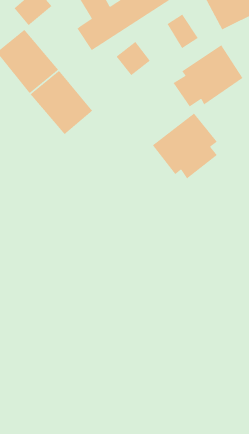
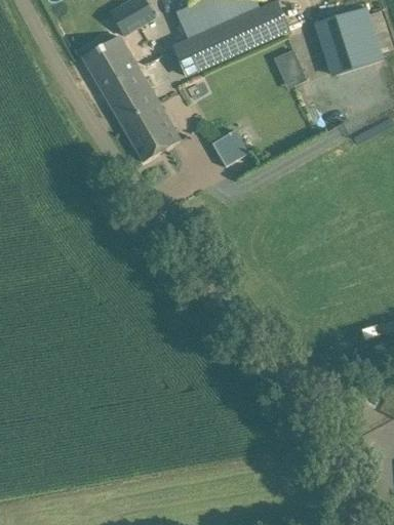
building: [116,41,151,76] -> [212,128,250,166]
building: [173,44,244,108] -> none
building: [152,113,218,180] -> none

